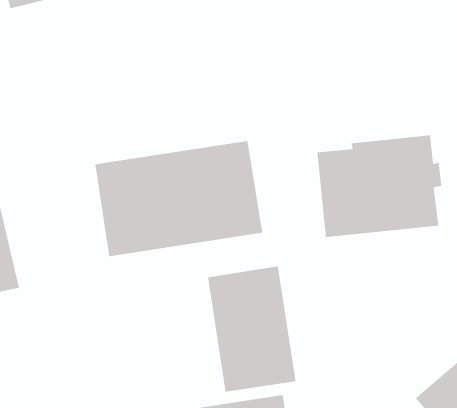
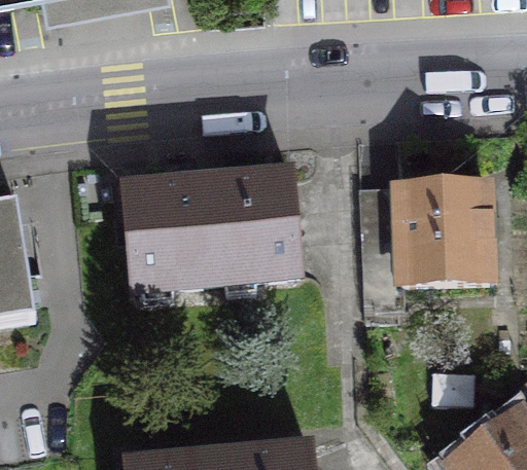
building: [207,266,296,392] -> none

